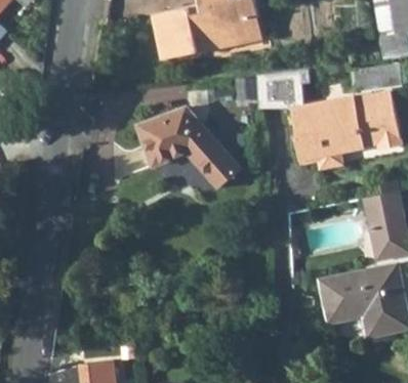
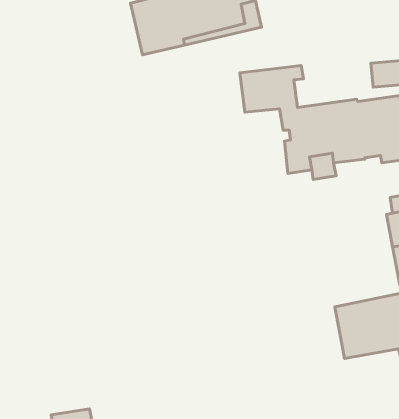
building: [124,110,233,187] -> none

